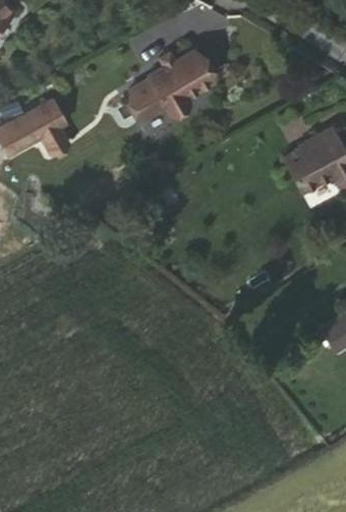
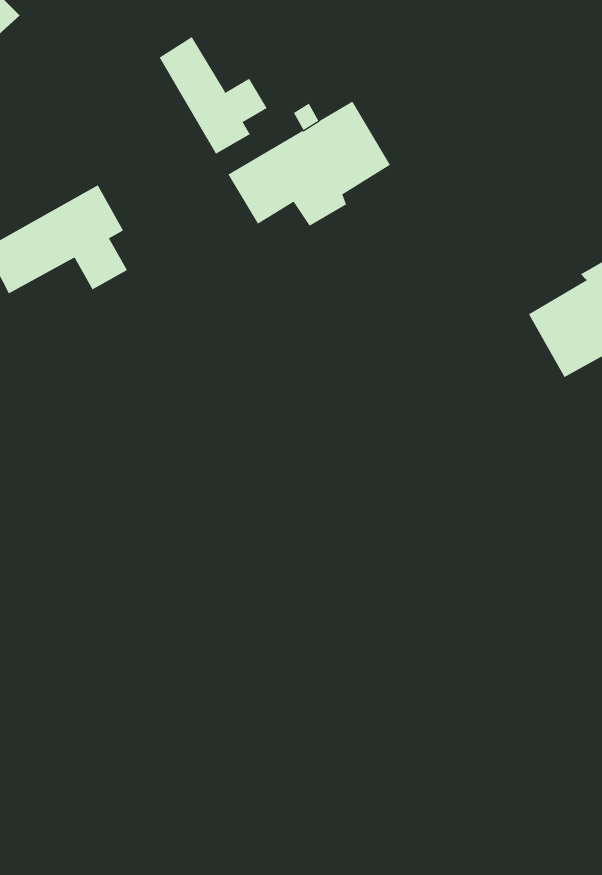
building: none -> [159,36,267,155]

